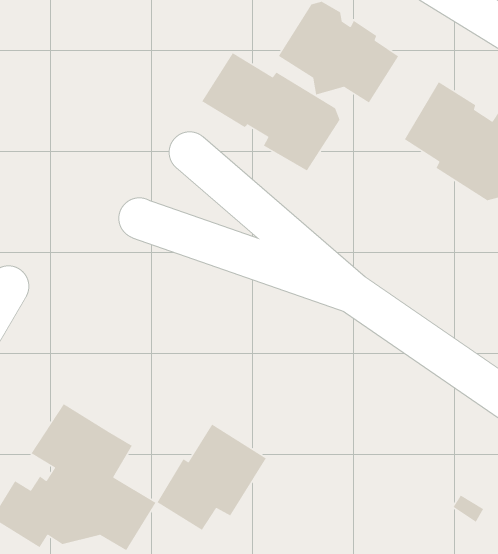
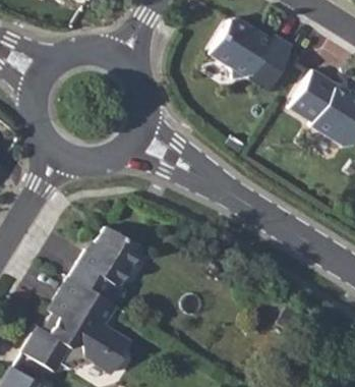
building: [201,52,340,172] -> none
building: [157,424,267,531] -> [70,225,141,294]

